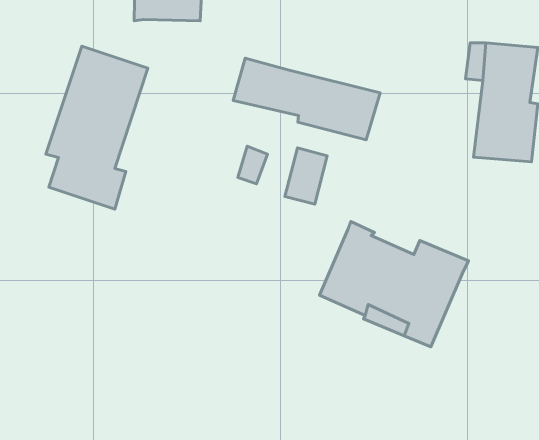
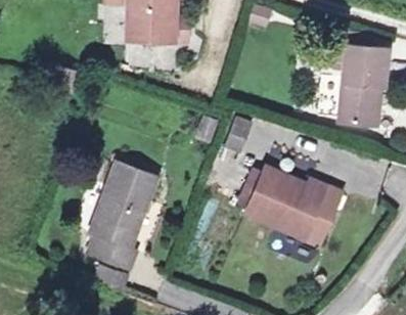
building: [46,46,148,209] -> [86,167,152,273]
building: [233,58,380,140] -> none

